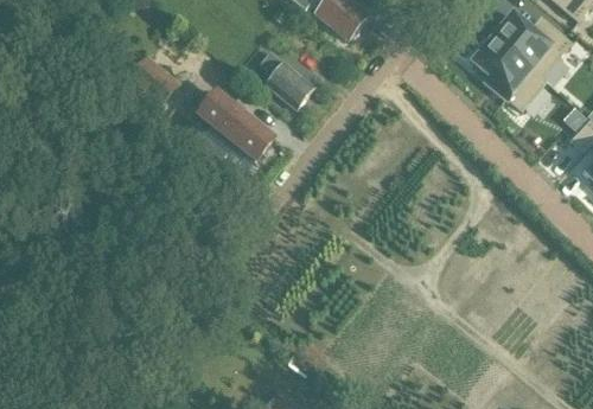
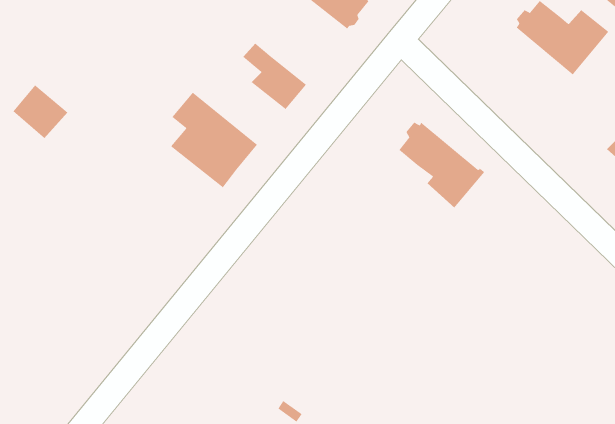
building: [473,37,547,110] -> [399,122,485,208]
building: [129,58,177,104] -> [13,85,68,139]

